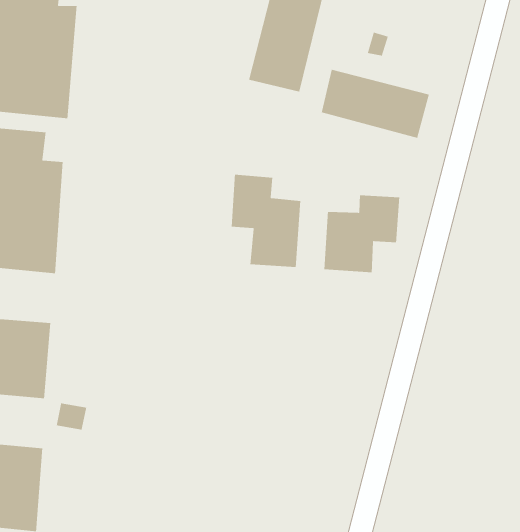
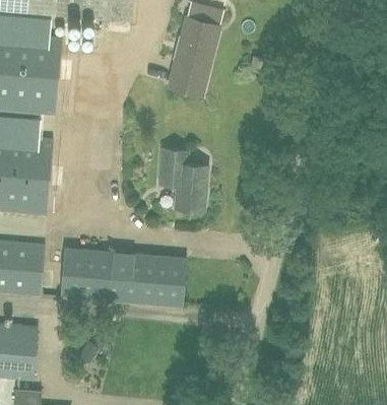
building: [321,69,430,139] -> none
building: [324,195,400,273] -> none
building: none -> [60,247,186,306]

